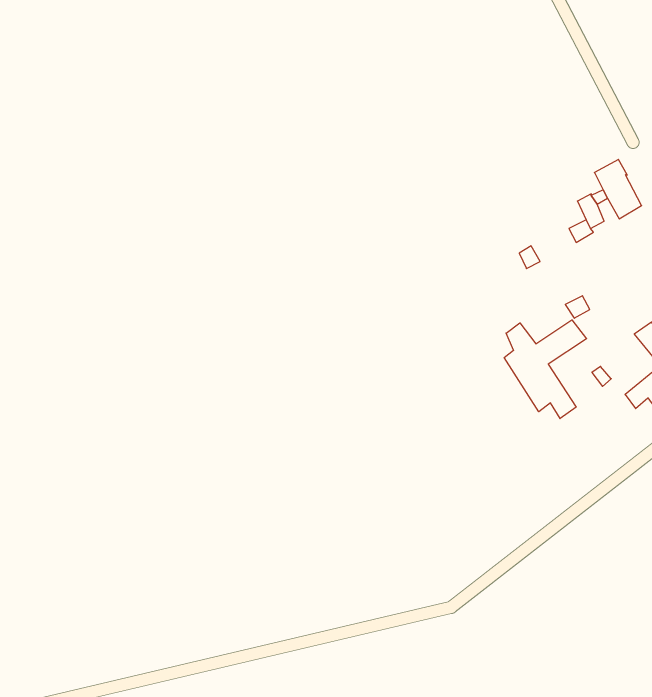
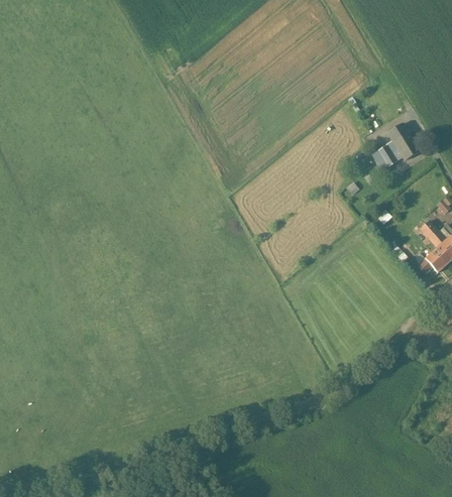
building: [504,320,587,419] -> none

